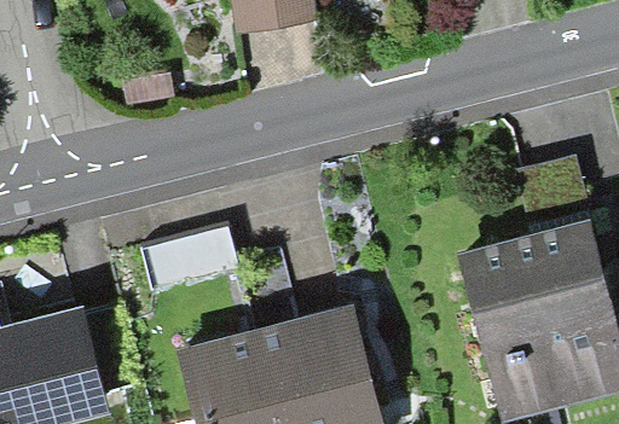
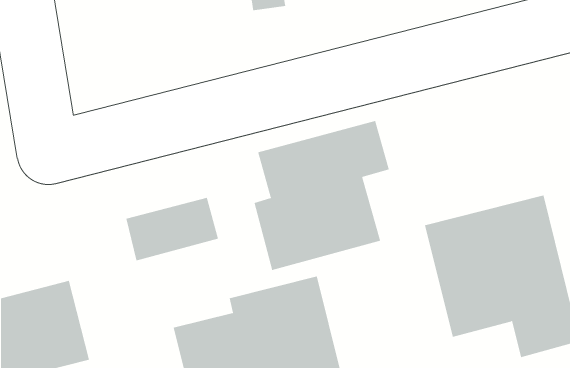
building: none -> [254,120,390,271]

